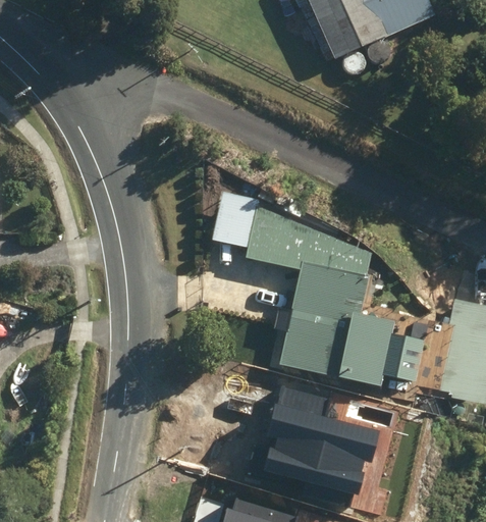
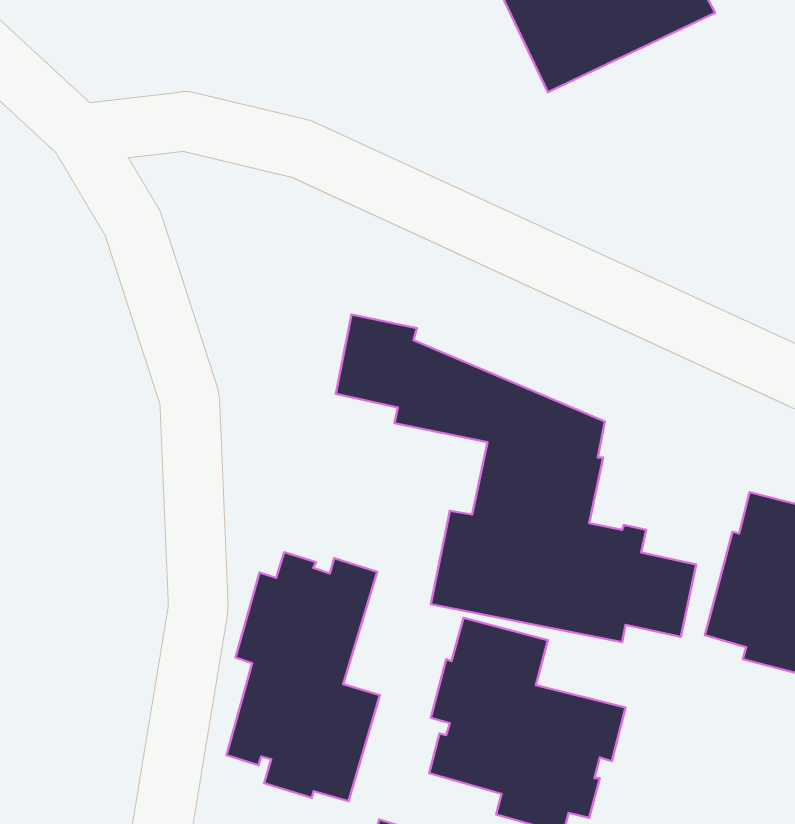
building: none -> [226,552,380,801]

